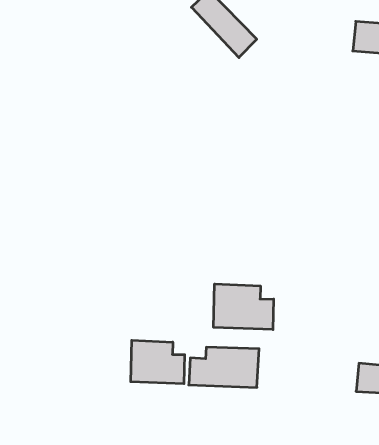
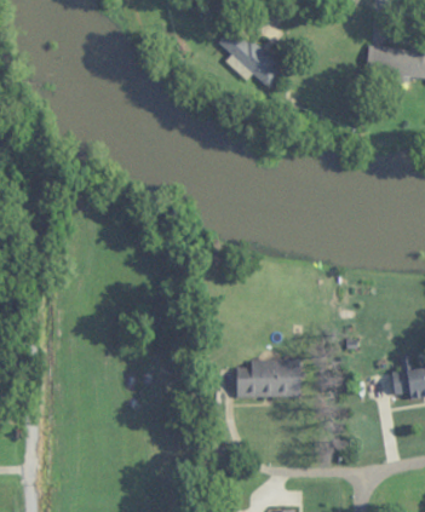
building: [214,284,274,330] -> none
building: [131,340,185,384] -> none

